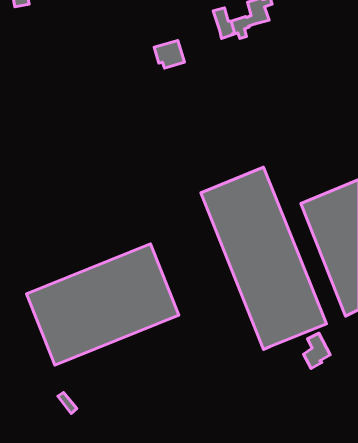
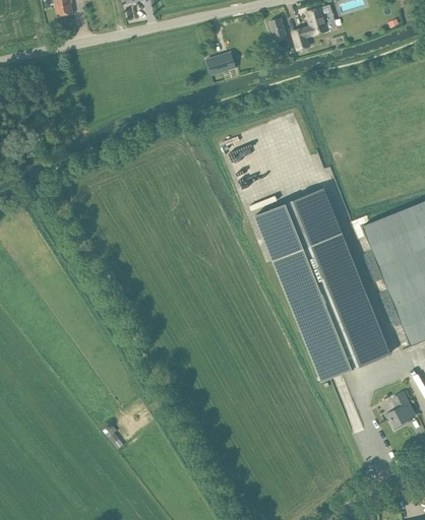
building: [27,244,179,365] -> none
building: [304,333,330,368] -> [386,392,415,430]

